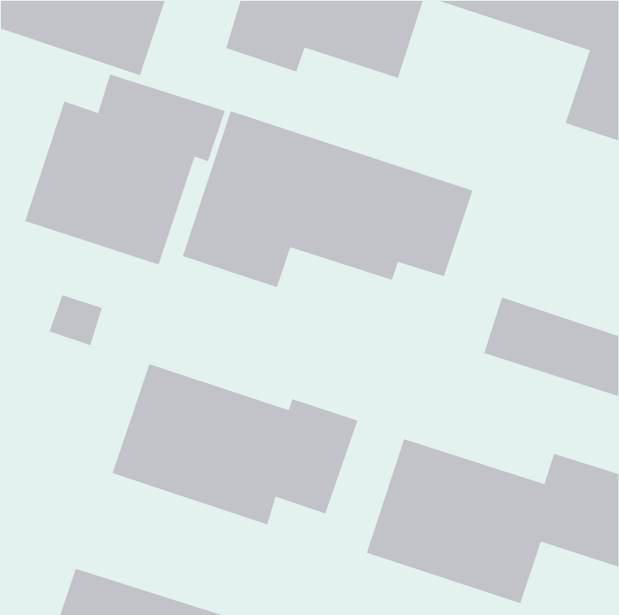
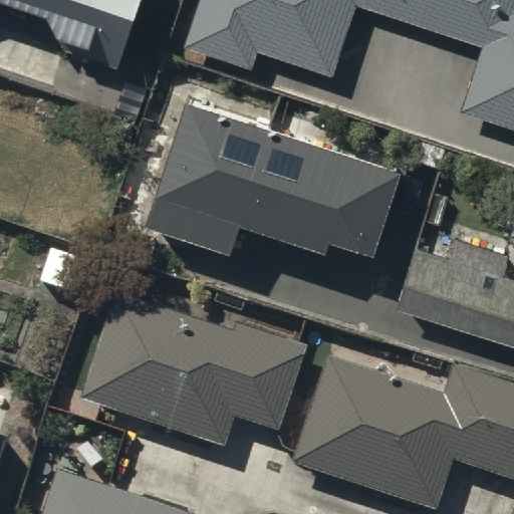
building: [24,73,226,265] -> none

